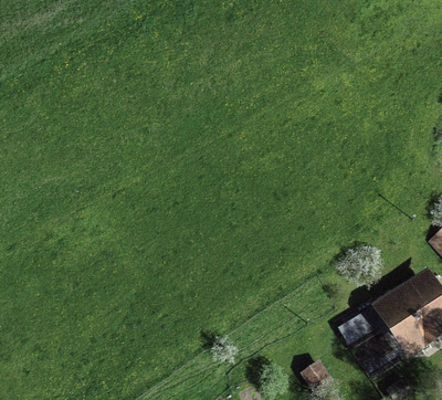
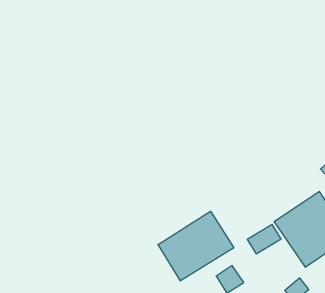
building: none -> [158,211,234,281]

